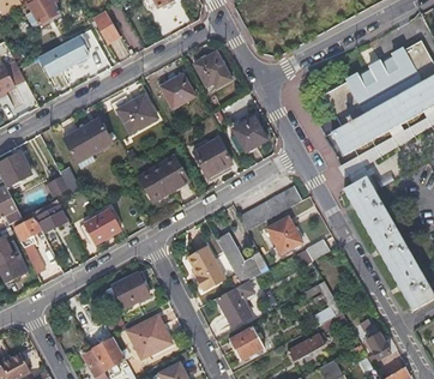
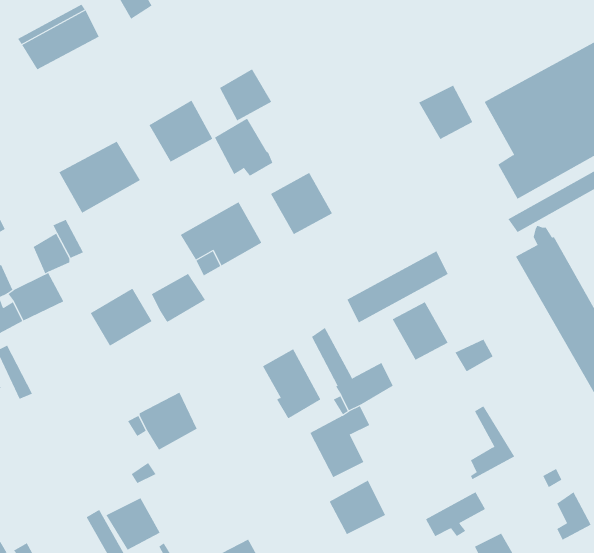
building: [195,52,231,88] -> [214,118,273,177]
building: [233,118,266,151] -> [418,85,473,140]
building: none -> [151,273,206,322]
building: [127,315,171,359] -> none

